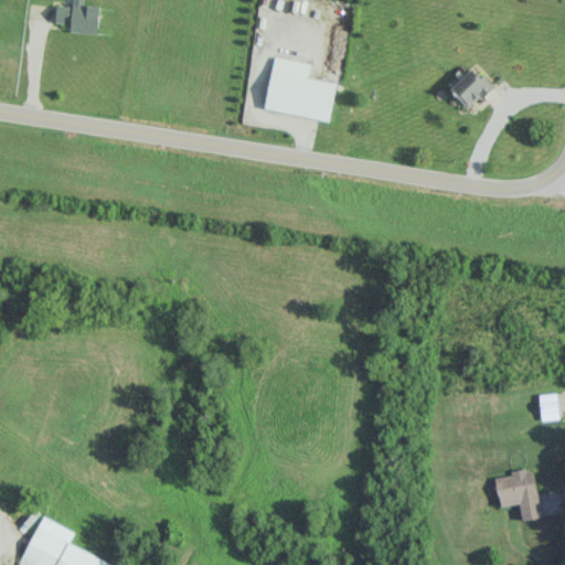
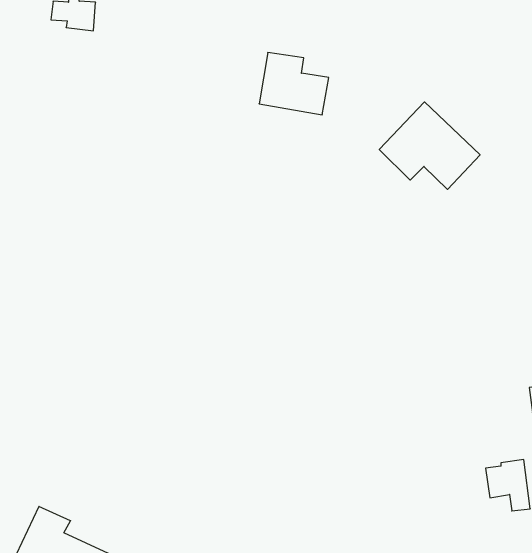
building: [449,67,491,109] -> none
building: none -> [379,102,480,189]

